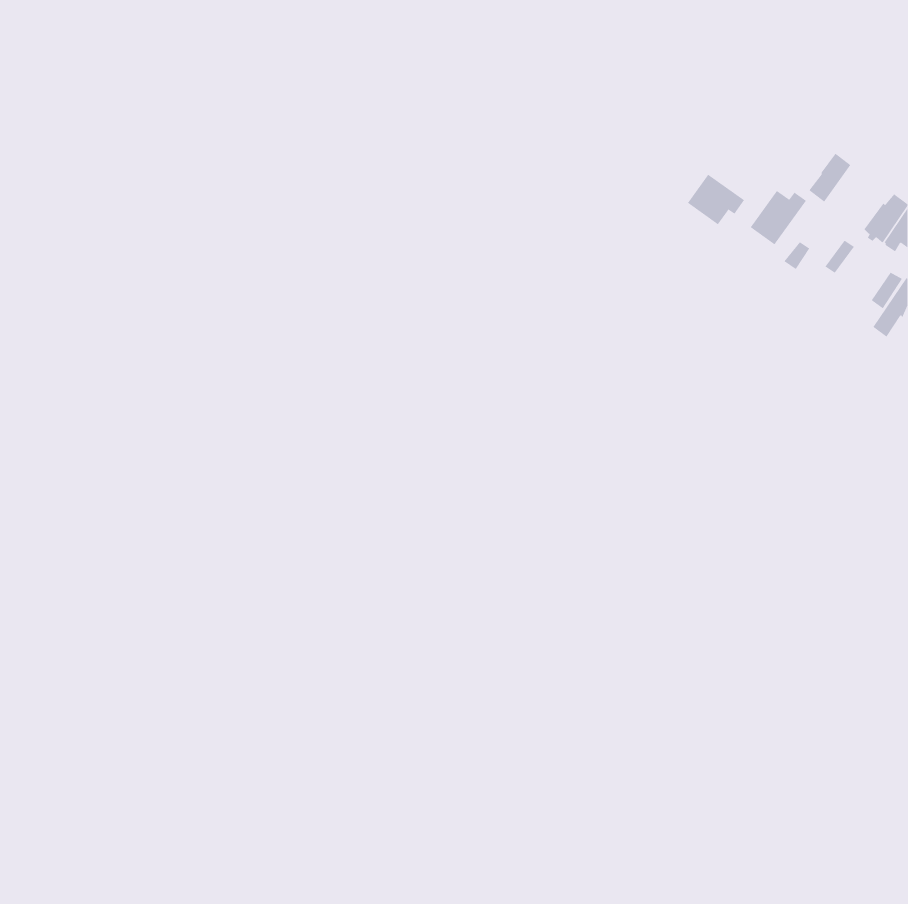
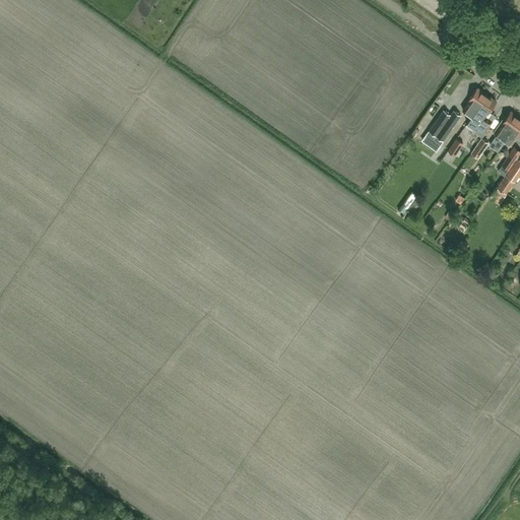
building: none -> [467,96,497,133]
building: [687,174,745,225] -> none

